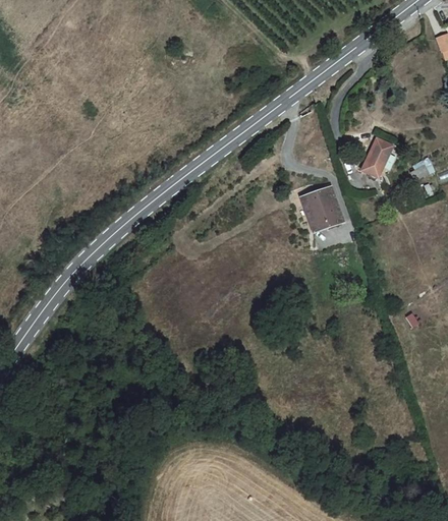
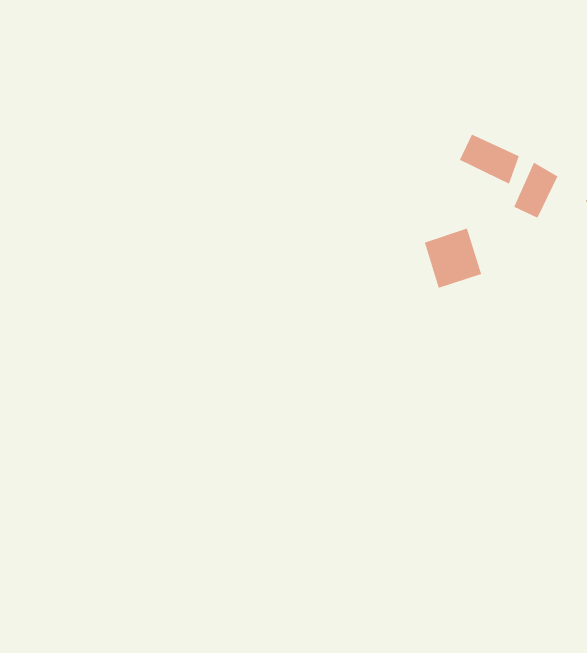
building: none -> [459,134,520,185]

